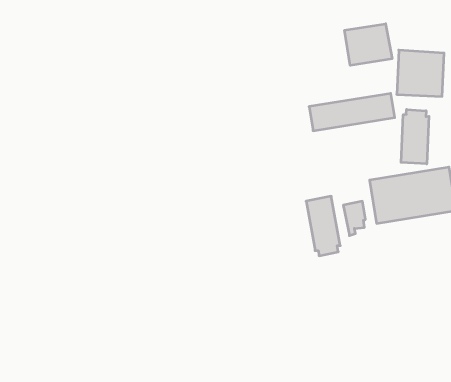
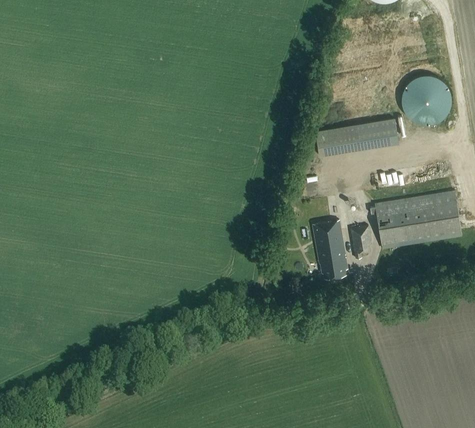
building: [345,24,392,65] -> none
building: [401,109,429,164] -> none

